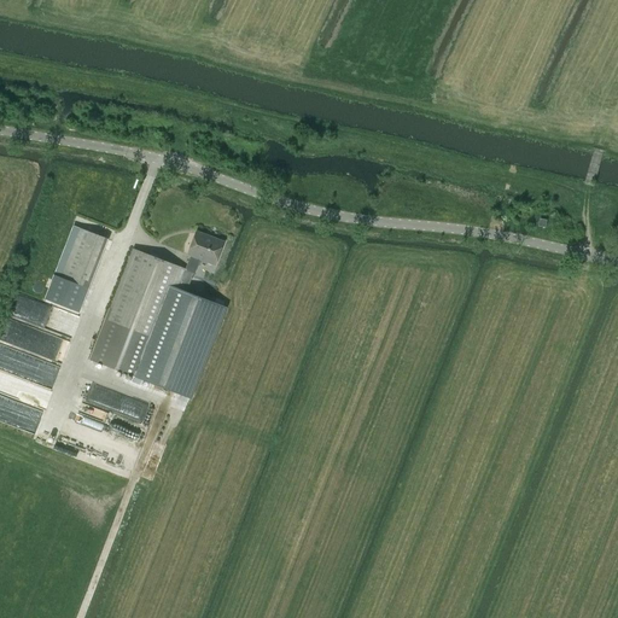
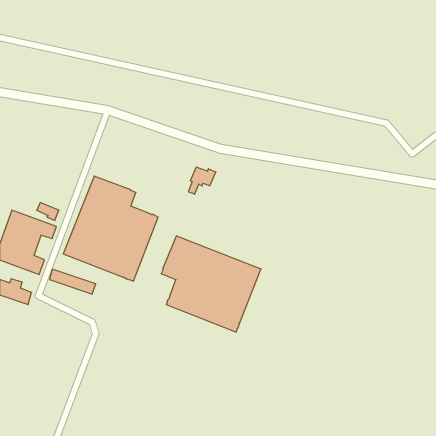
building: [60,228,106,287] -> none
building: [185,234,223,273] -> [189,167,216,194]
building: none -> [161,236,261,332]

